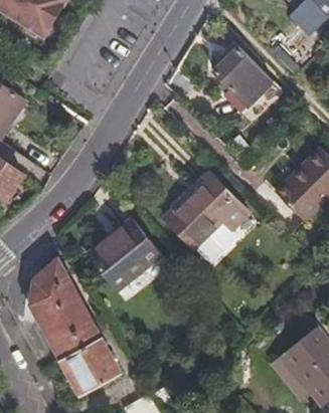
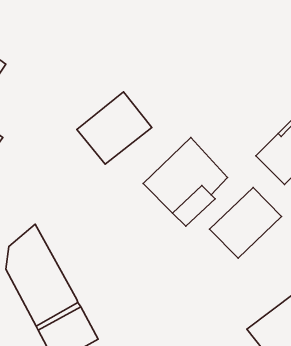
building: [213,46,275,114] -> none
building: [87,216,161,287] -> [77,92,152,164]
building: none -> [210,188,282,258]

